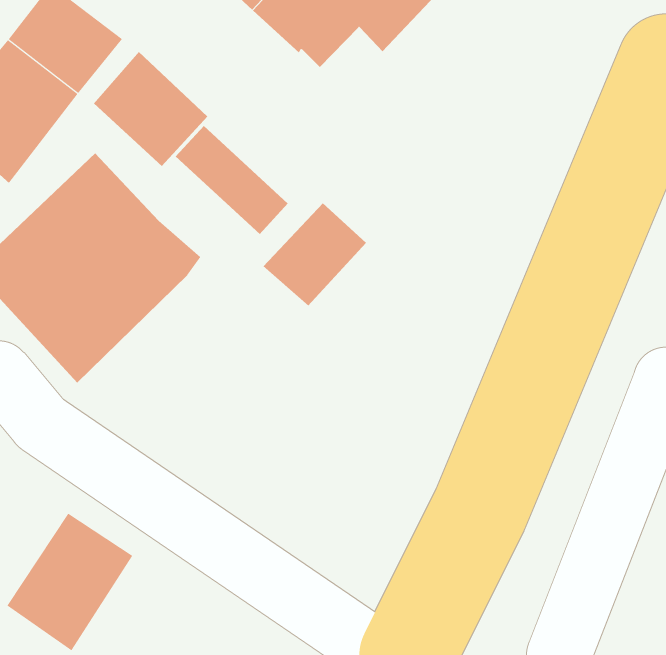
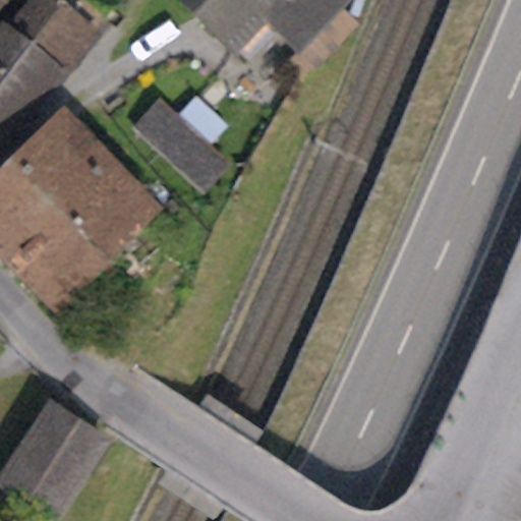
building: [93,51,208,167] -> none
building: [263,203,367,306] -> none

